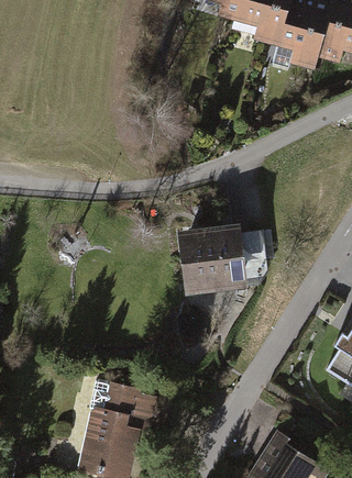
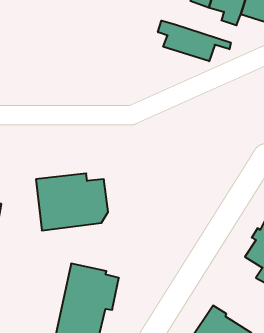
building: none -> [158,21,231,61]
building: [174,223,268,298] -> [36,173,108,230]

